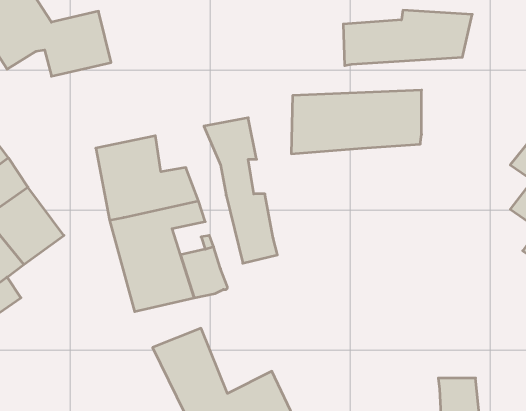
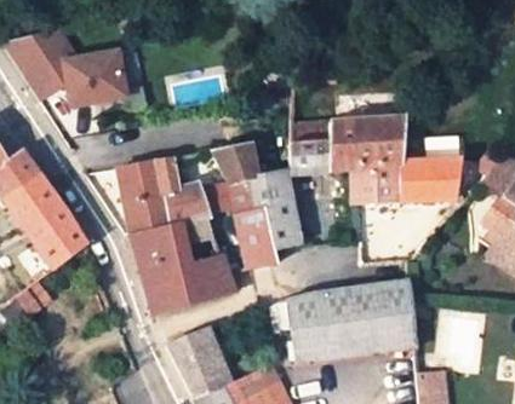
building: [343,10,472,66] -> [351,156,464,204]
building: none -> [252,173,302,247]
building: none -> [281,278,416,364]

